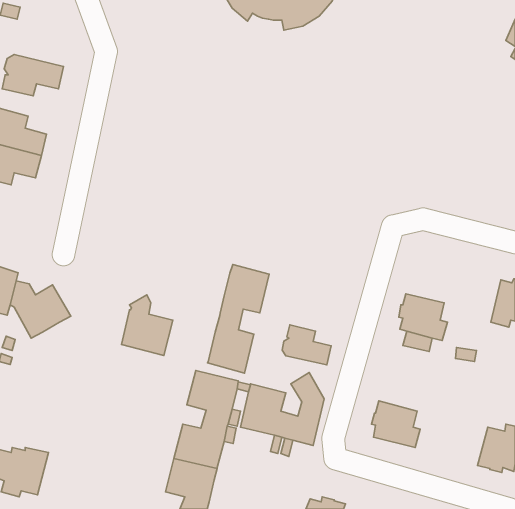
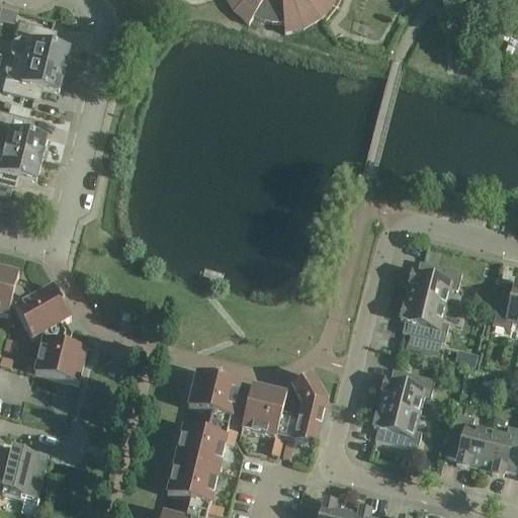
building: none -> [9,19,69,67]
building: none -> [407,260,461,304]
building: [208,265,269,373] -> none
building: [121,295,173,355] -> [34,323,86,383]
building: [282,325,331,365] -> none
building: none -> [379,367,434,412]
building: none -> [444,412,489,466]

